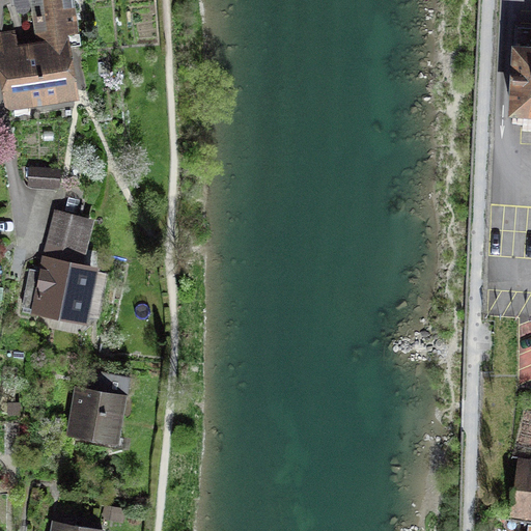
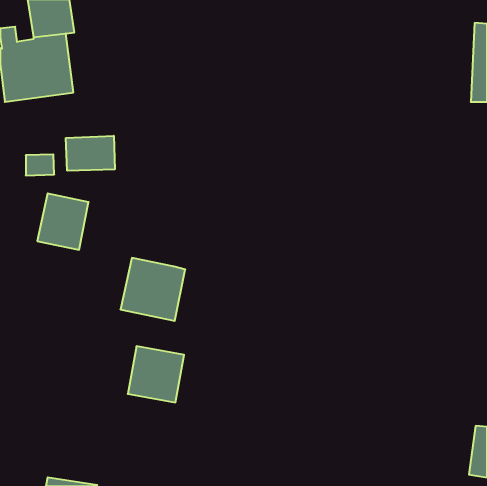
building: none -> [66,136,115,171]
building: [28,262,99,331] -> [120,258,185,321]
building: [65,382,127,443] -> [128,346,184,402]

